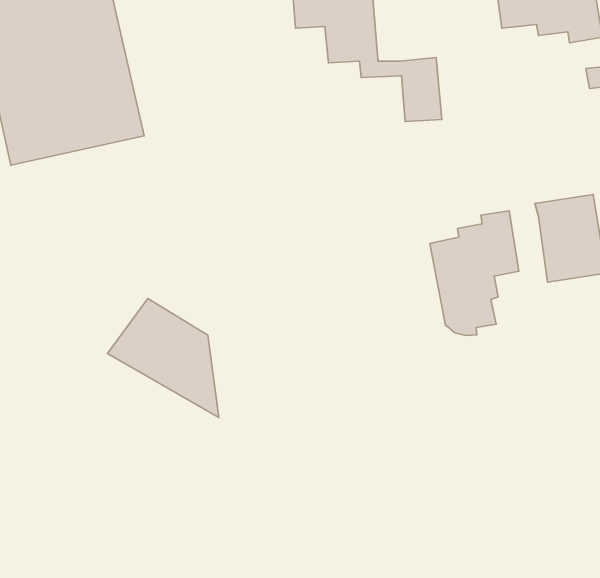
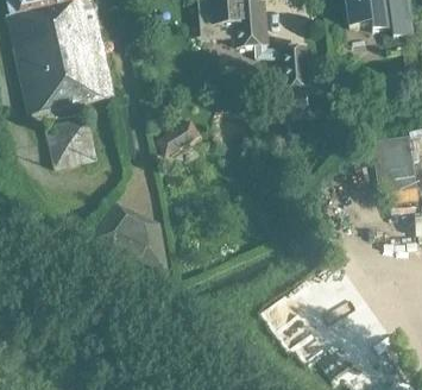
building: none -> [44,115,97,168]
building: none -> [155,120,197,156]
building: [430,211,519,335] -> none

